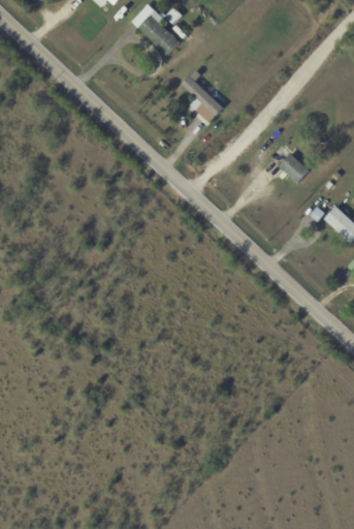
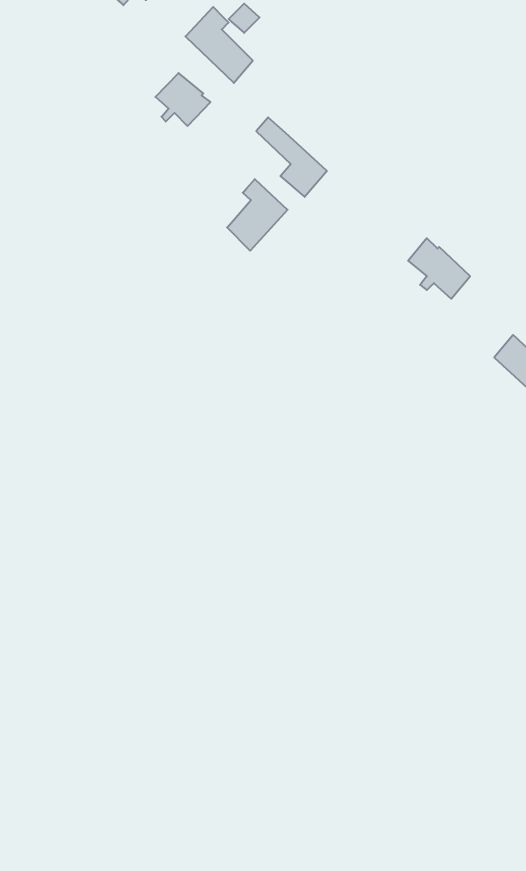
building: none -> [155,73,210,126]
building: none -> [227,179,288,251]

